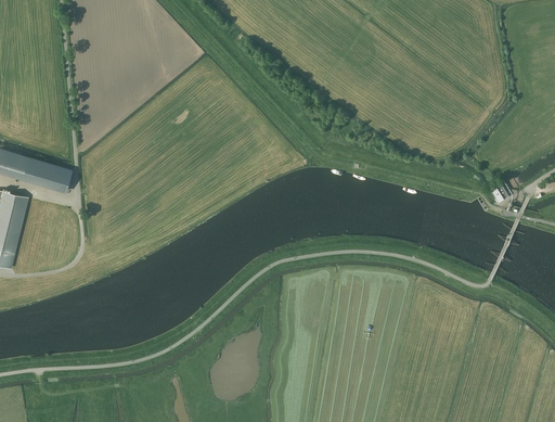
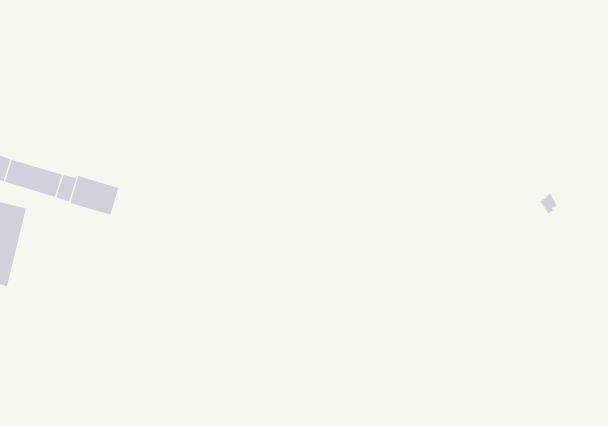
building: none -> [70,175,119,216]

